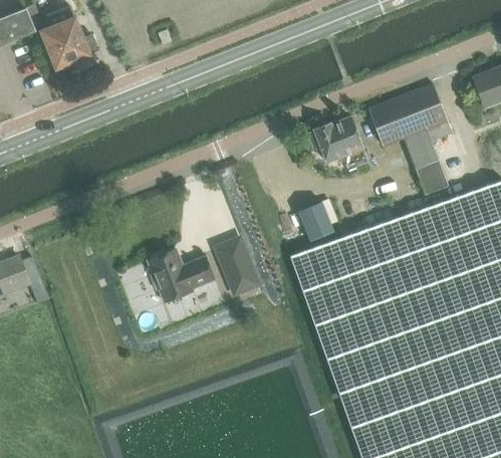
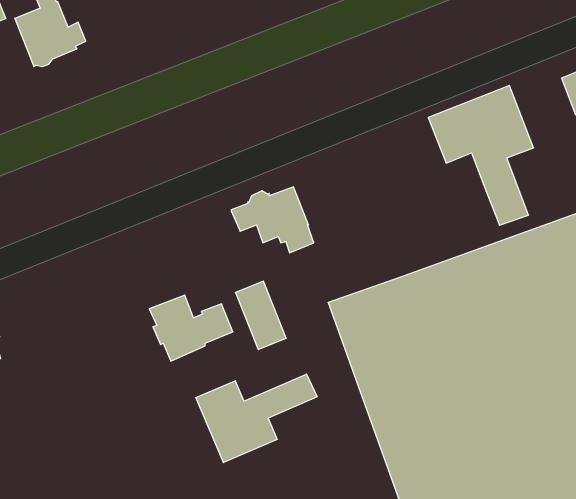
building: [302,118,367,170] -> [231,187,314,253]
building: [299,202,334,241] -> none
building: none -> [196,374,317,463]

